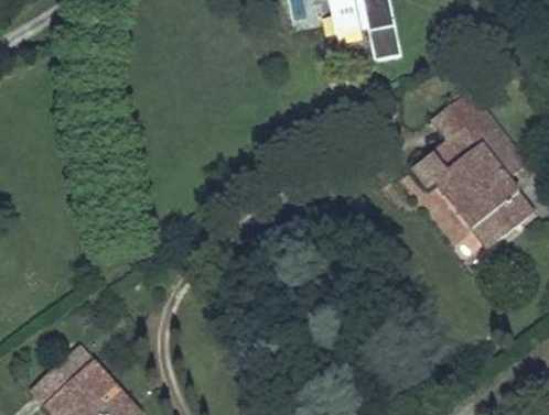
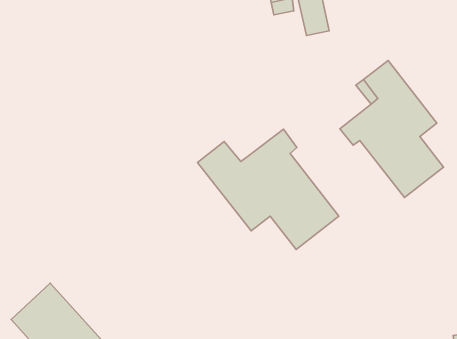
building: none -> [197,129,339,249]

